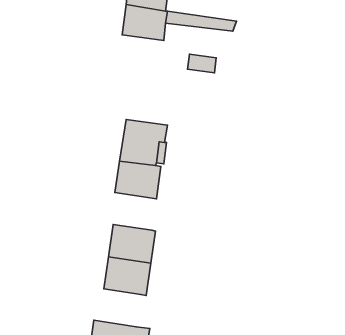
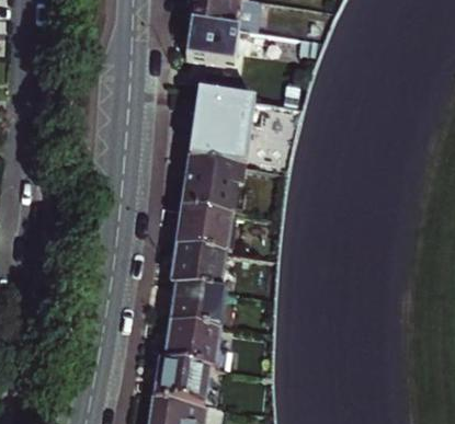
building: none -> [191,92,249,164]
building: none -> [172,244,227,289]
building: none -> [152,358,208,404]

